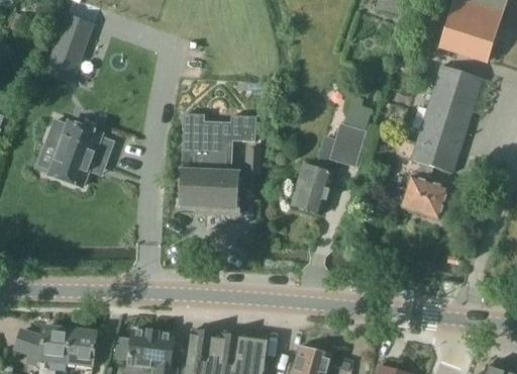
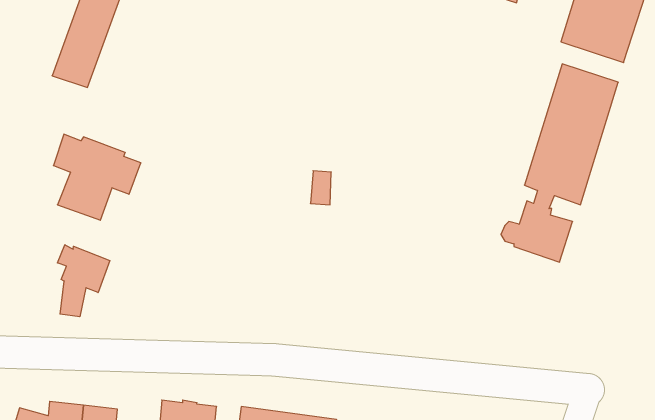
building: [292,87,373,215] -> none
building: [180,113,256,214] -> none
building: none -> [57,245,110,317]

